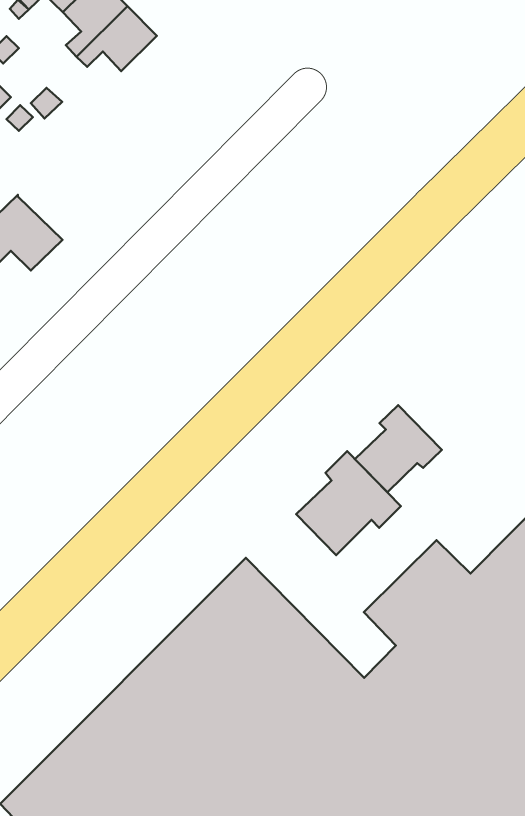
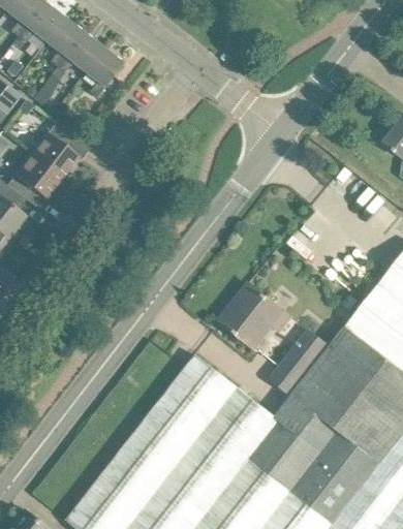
building: none -> [85,49,123,97]
building: none -> [32,123,79,178]
building: [355,405,442,492] -> none

